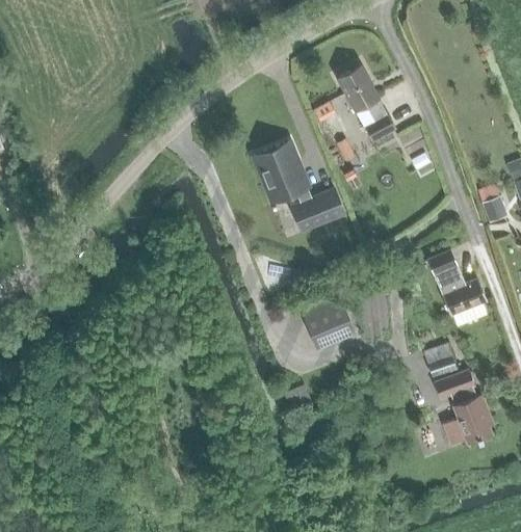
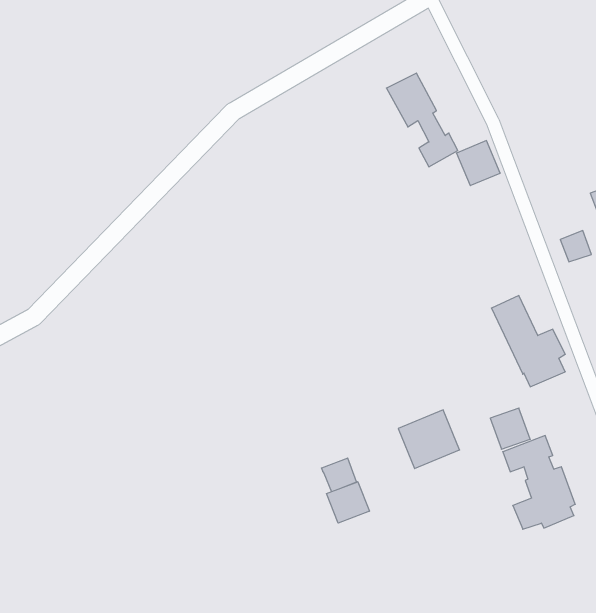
building: [254,140,344,231] -> none
building: [302,295,353,344] -> [398,410,460,469]
building: none -> [327,482,369,523]

